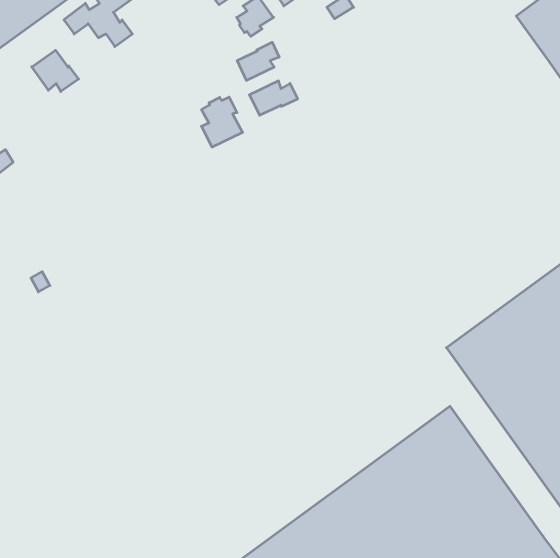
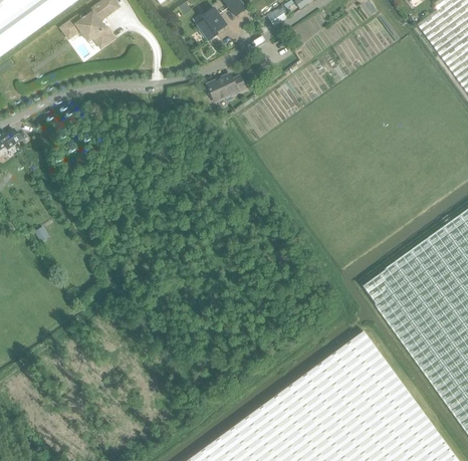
building: [237,42,279,80] -> none
building: [32,50,79,92] -> none
building: [201,97,243,147] -> none

